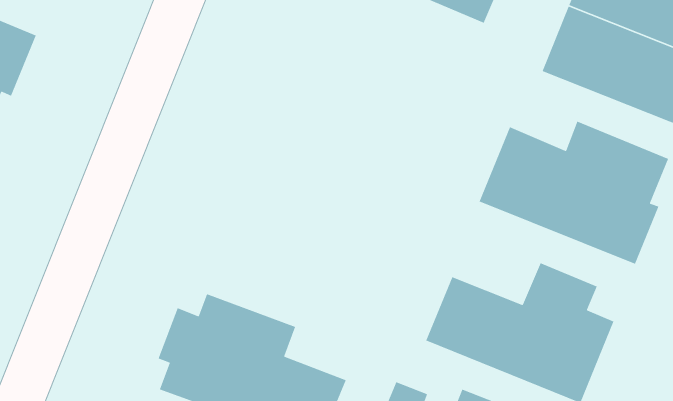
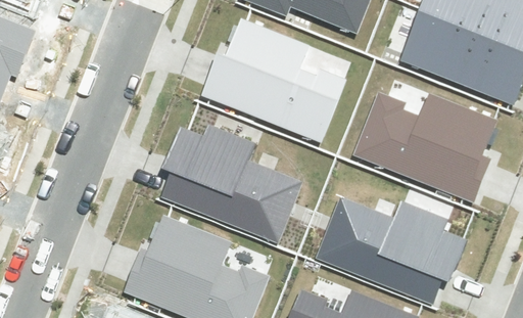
building: none -> [203,16,342,137]
building: none -> [163,122,300,236]

